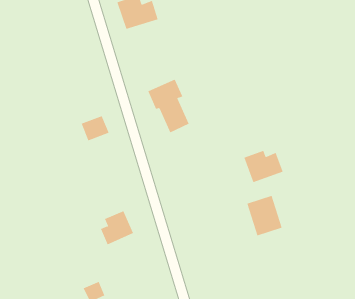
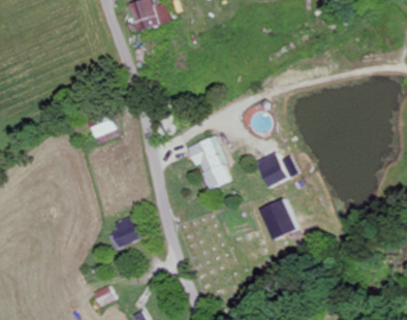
building: [147,79,189,133] -> [187,134,229,189]

